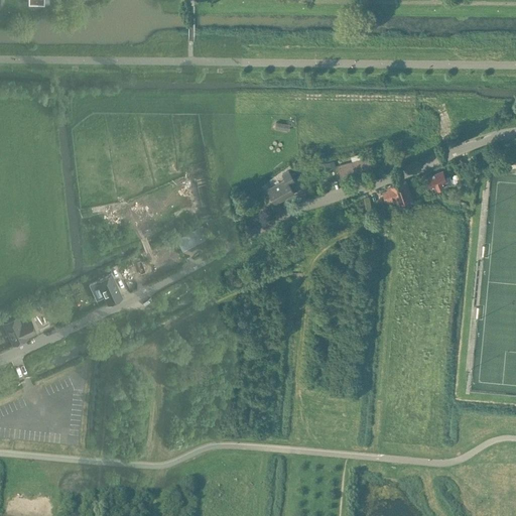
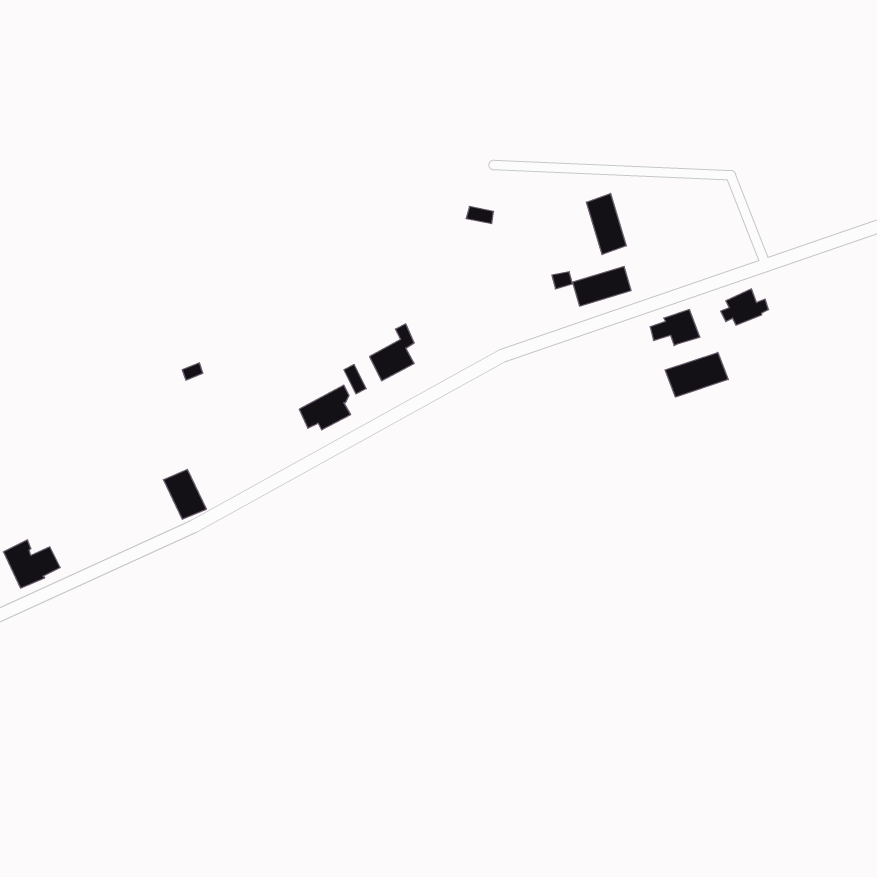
building: none -> [586,193,626,255]
building: [266,171,292,205] -> [370,324,414,381]
building: none -> [665,352,728,397]

